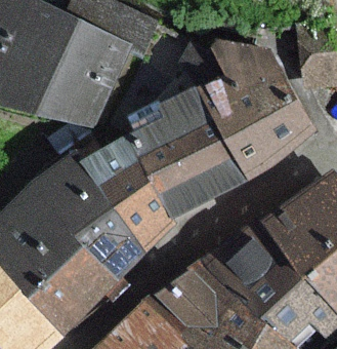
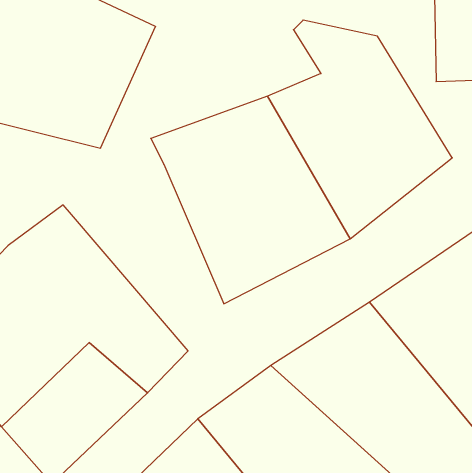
building: [73,133,169,251] -> none

